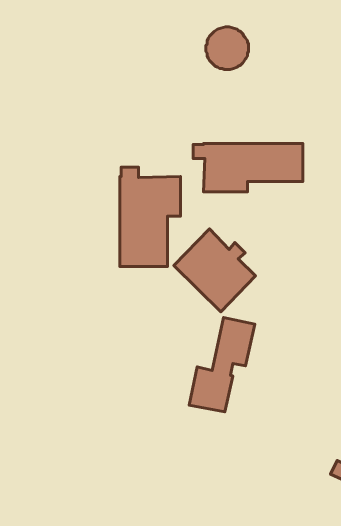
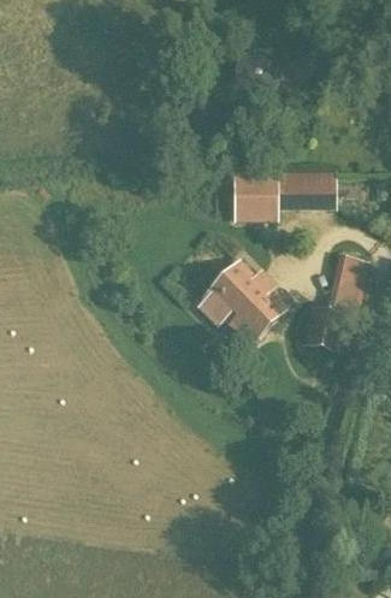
building: [120,167,181,267] -> none
building: [189,317,255,412] -> [303,251,372,350]

